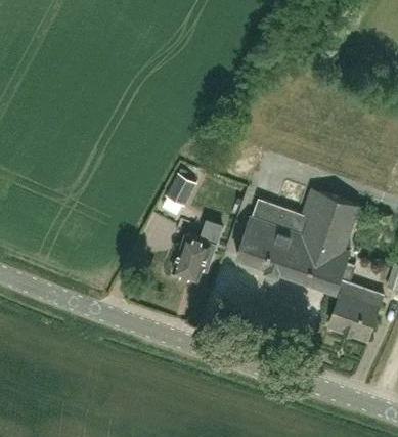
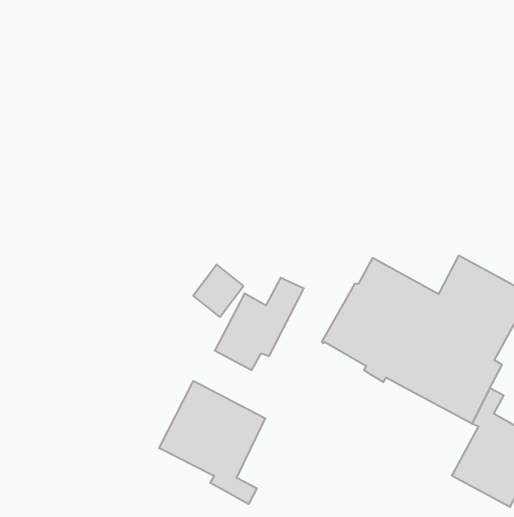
building: [167,173,196,205] -> [193,265,243,317]
building: none -> [159,381,265,504]

